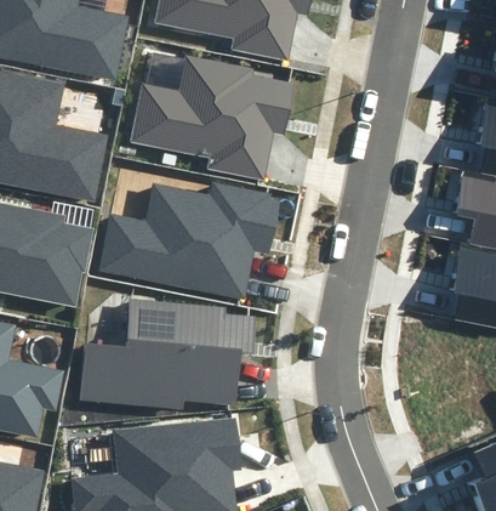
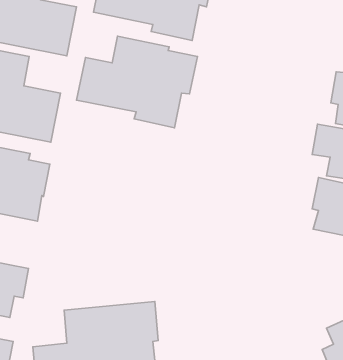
building: [101,182,280,300] -> none
building: [80,299,256,410] -> none

